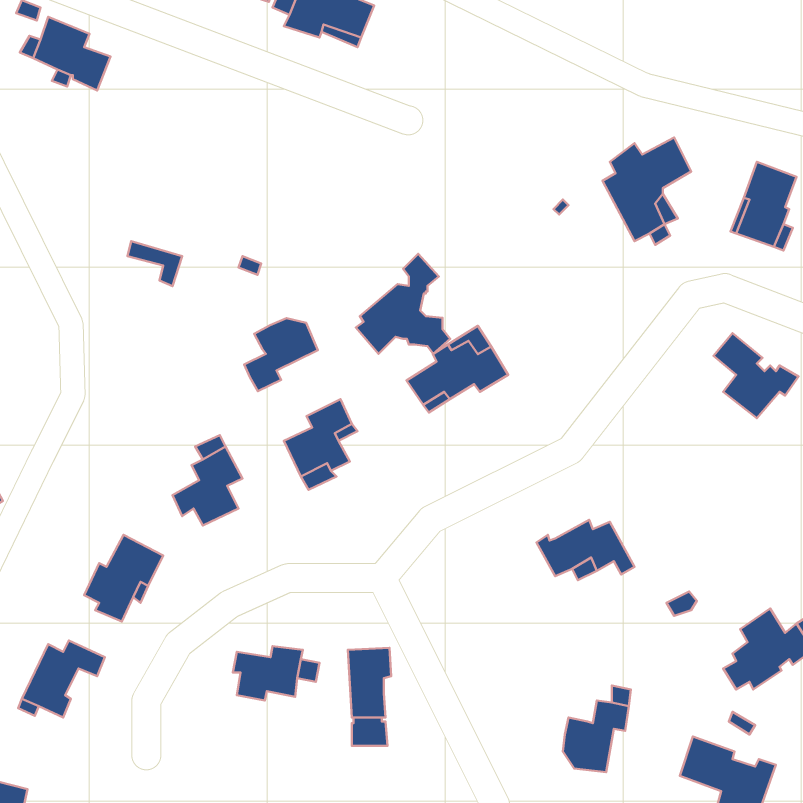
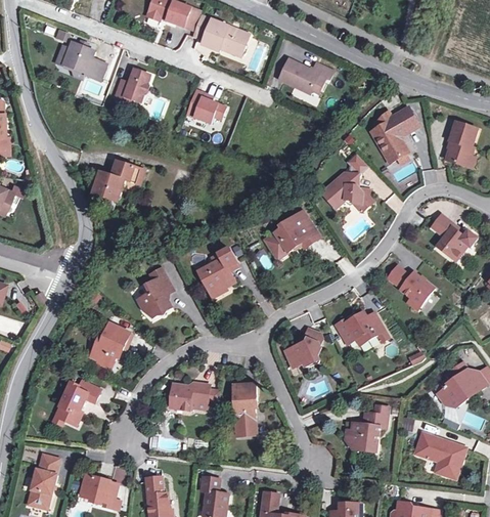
building: none -> [278,56,331,91]
building: none -> [109,71,147,104]
building: none -> [183,90,222,124]
building: [356,254,450,354] -> [321,156,372,210]
building: none -> [95,170,133,205]
building: [244,318,318,391] -> none
building: none -> [388,265,434,309]
building: none -> [285,329,323,372]

